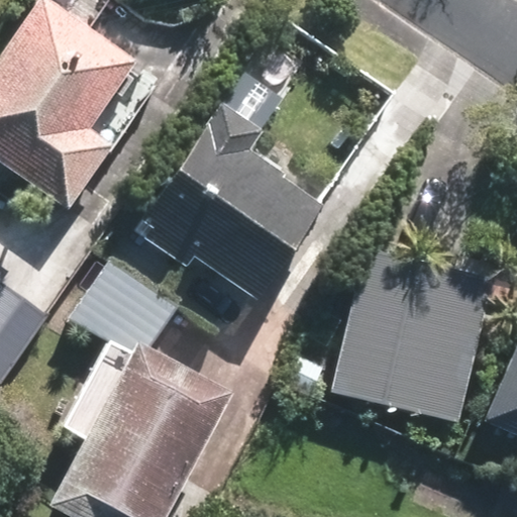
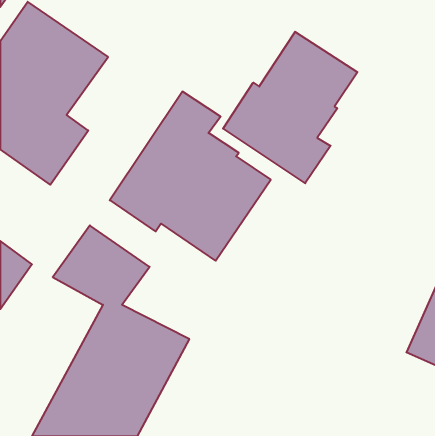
building: none -> [223,32,357,183]
building: [329,239,491,414] -> none

